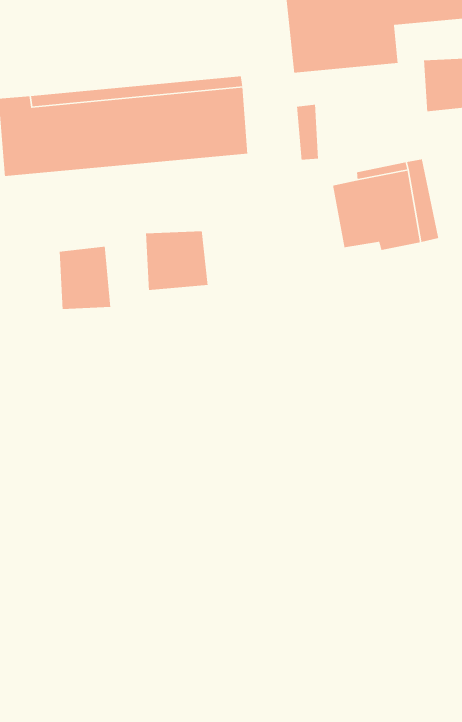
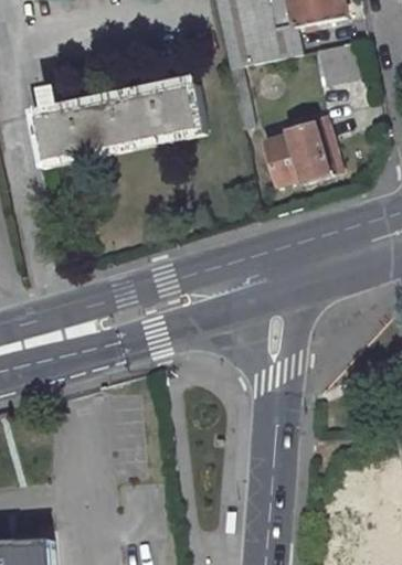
building: [145,230,208,291] -> none
building: [59,246,111,310] -> none

